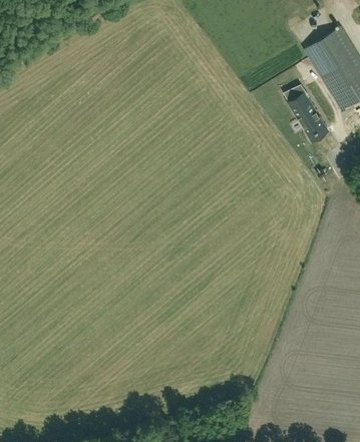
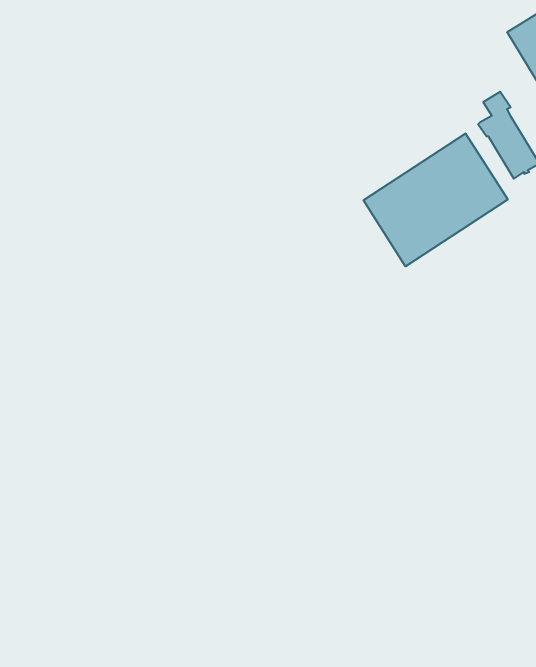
building: none -> [364,133,508,266]

